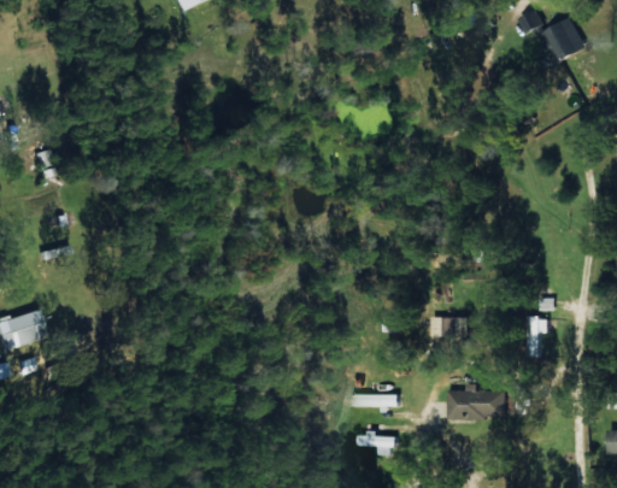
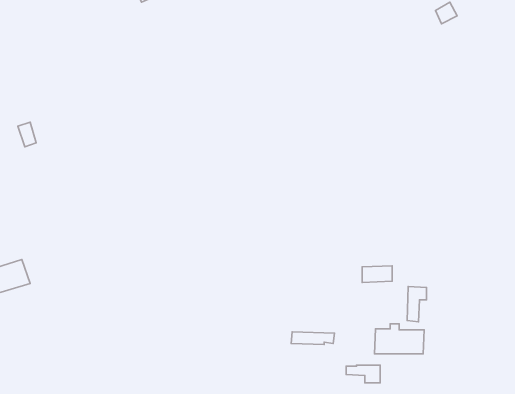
building: [546,18,588,61] -> none
building: [528,317,551,358] -> [407,287,427,322]
building: [357,435,396,455] -> [346,365,380,383]

